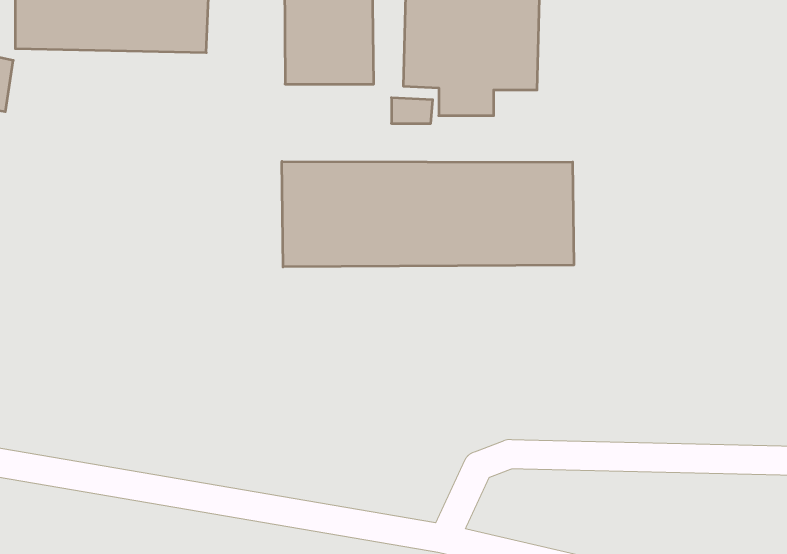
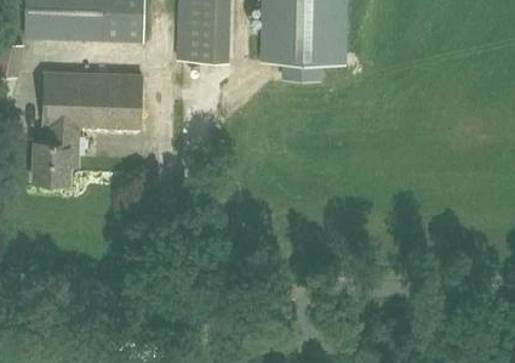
building: none -> [32,73,138,183]
building: [282,161,574,267] -> none

